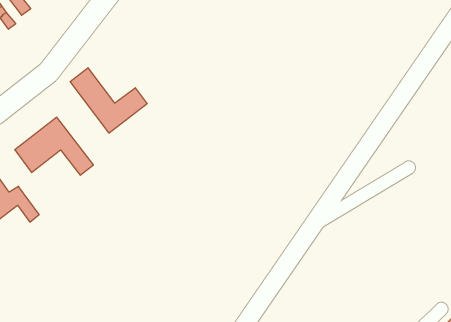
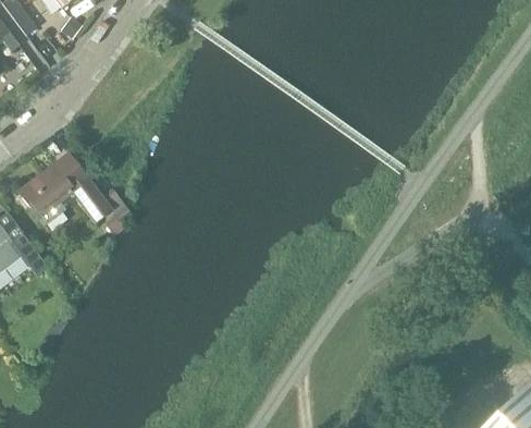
building: [70,68,147,133] -> none

